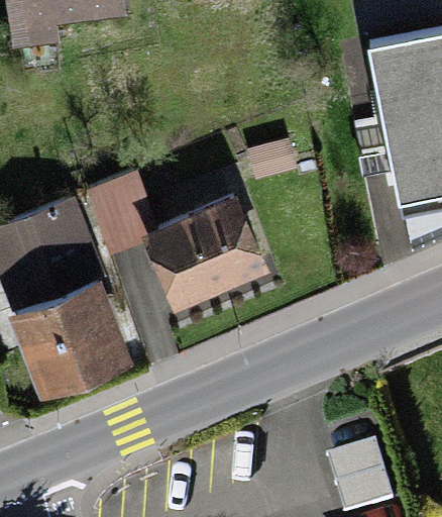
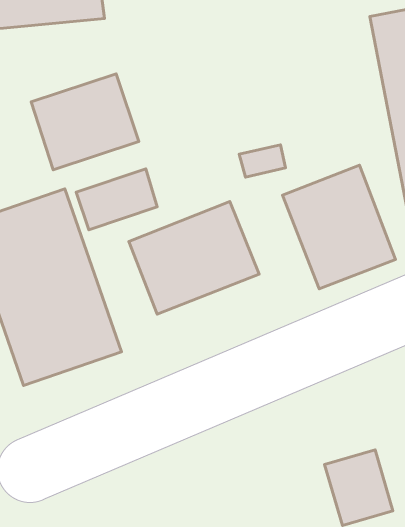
building: none -> [31,74,139,170]
building: none -> [282,165,396,289]

